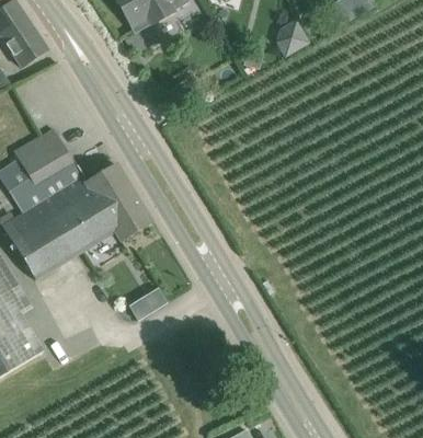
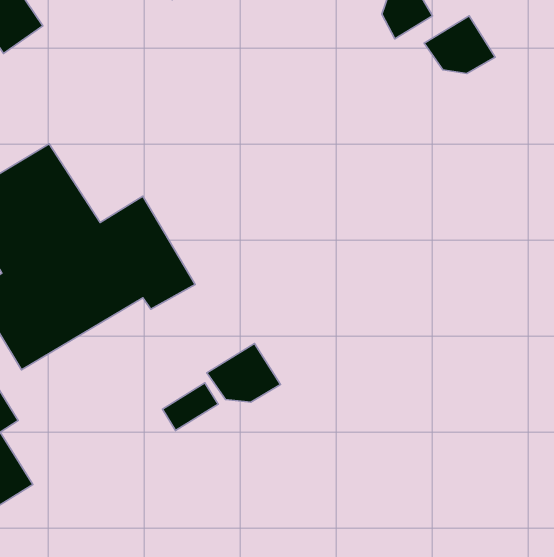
building: none -> [424,16,495,74]
building: none -> [207,344,281,402]

